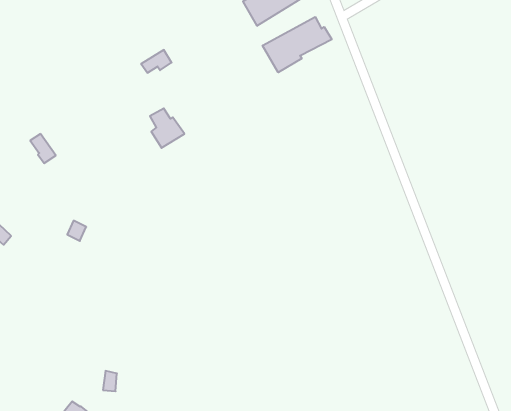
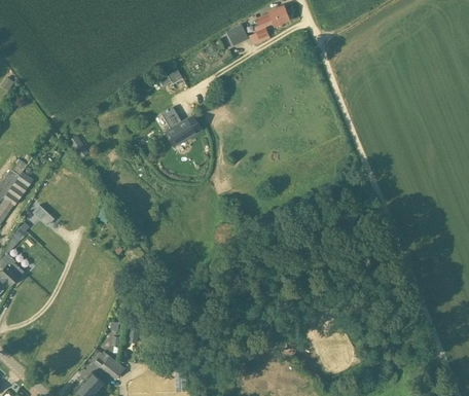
building: [263,17,332,72] -> none

